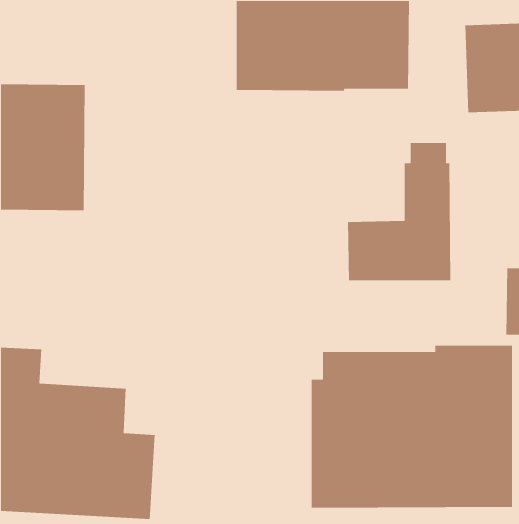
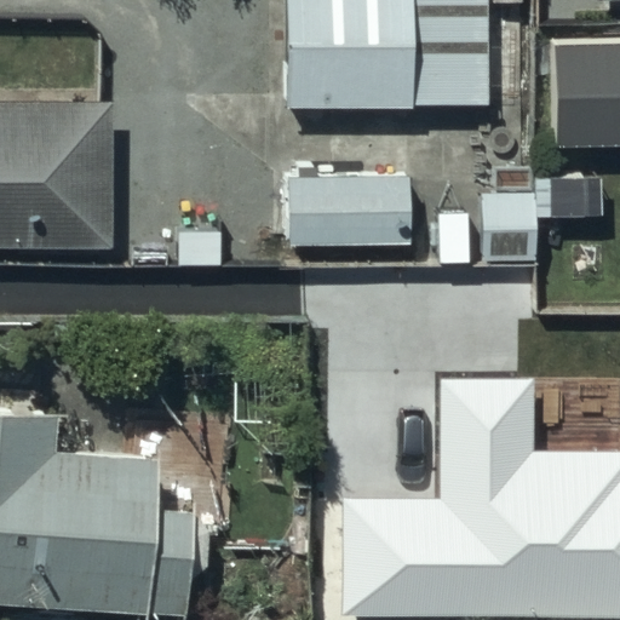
building: none -> [289,179,412,245]

